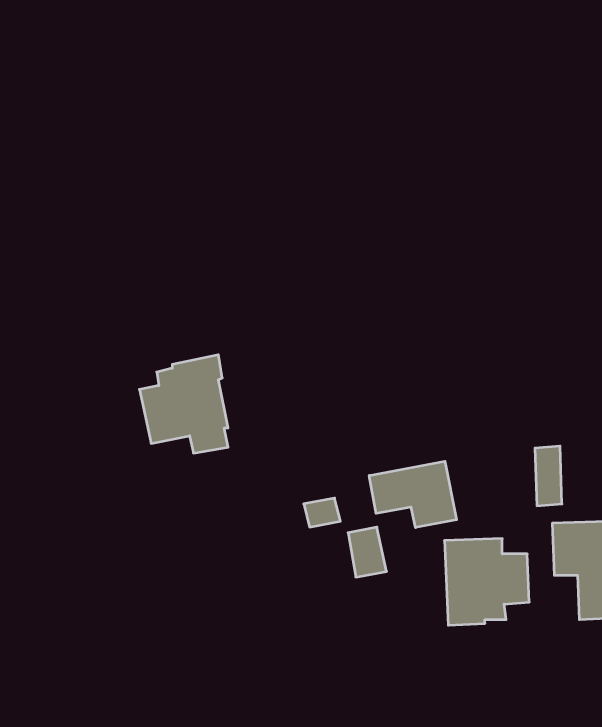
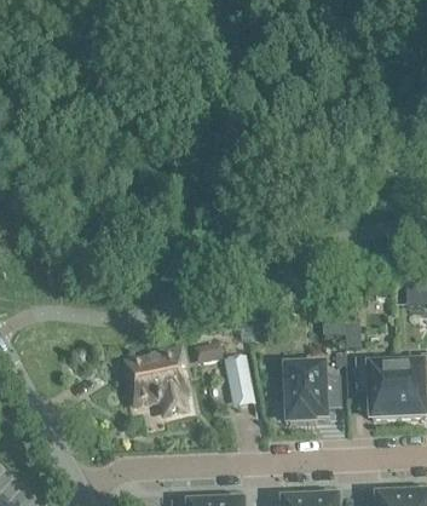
building: [139,355,228,453] -> [129,347,185,409]
building: [369,461,457,528] -> none

